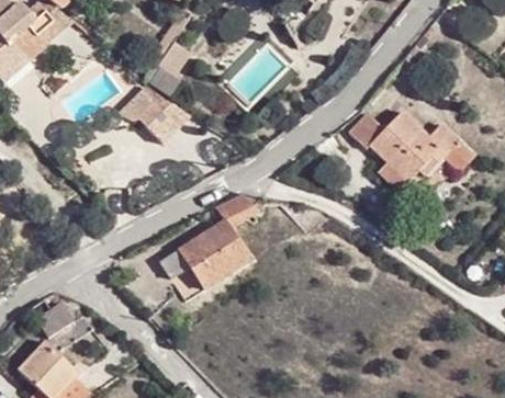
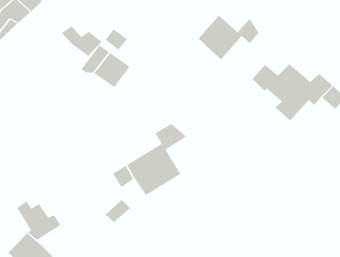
building: none -> [198,15,259,60]
building: none -> [61,26,102,57]

